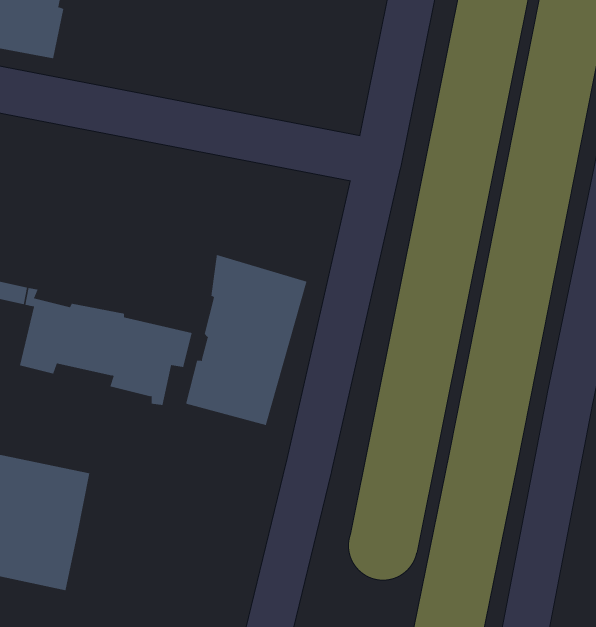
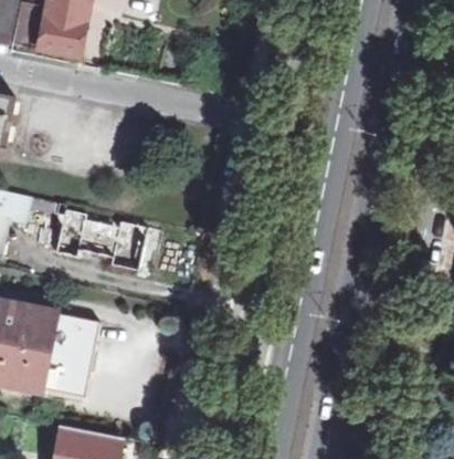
building: [186,254,307,426] -> none

